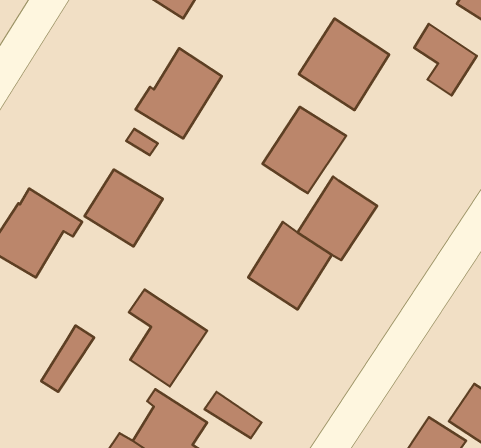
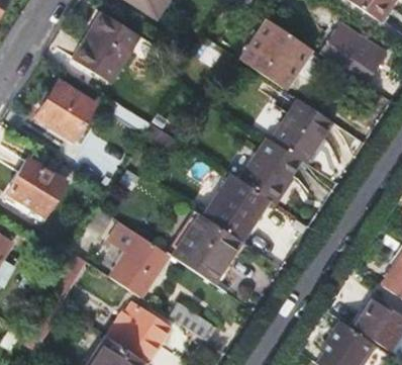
building: [135,48,222,139] -> [73,13,138,82]
building: [263,107,346,193] -> [272,98,335,164]
building: [84,170,163,247] -> [35,81,95,140]
building: none -> [172,213,241,283]

